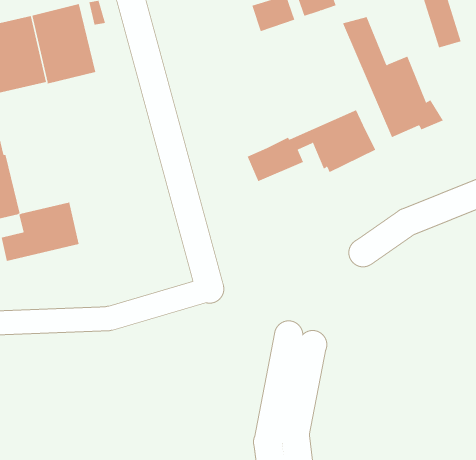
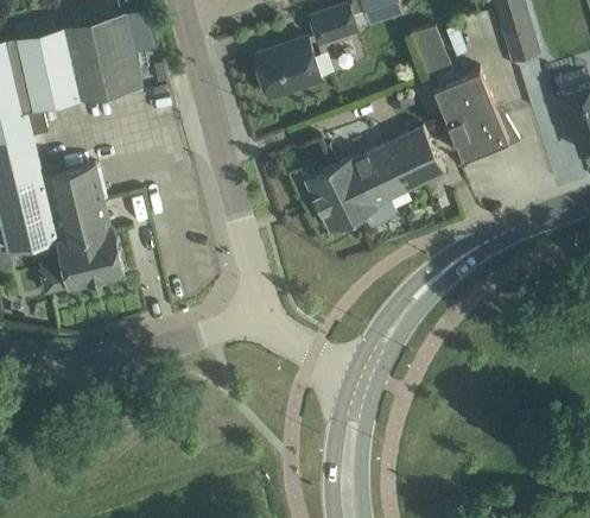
building: none -> [254,38,323,100]
building: none -> [45,166,112,242]
building: none -> [318,166,395,232]

